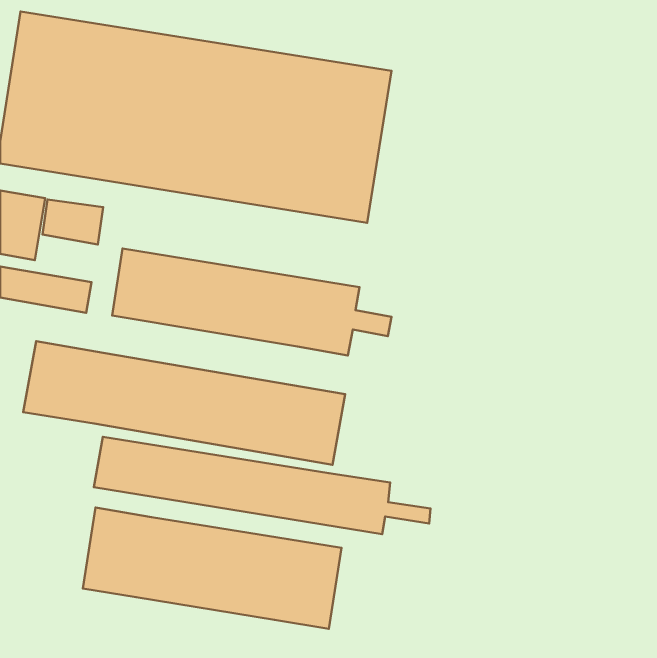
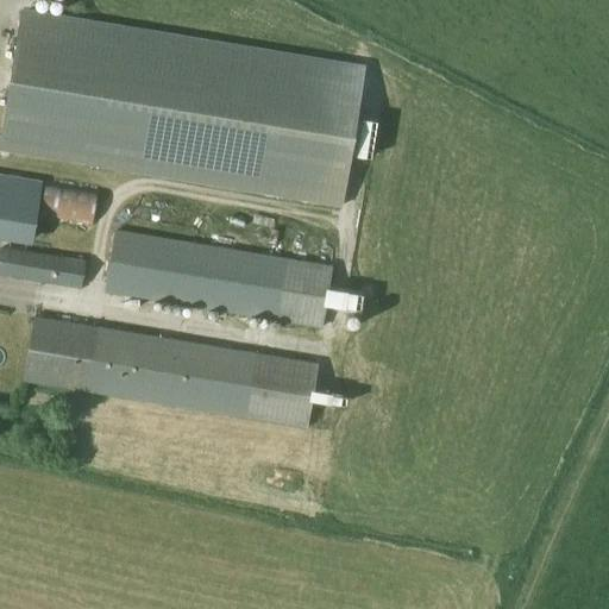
building: [94,437,431,534] -> none
building: [83,508,341,629] -> none

